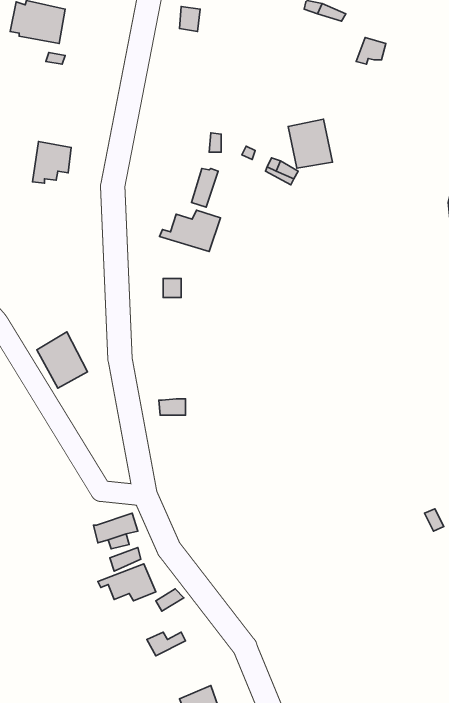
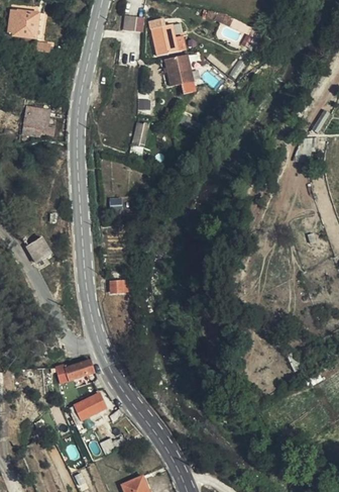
building: none -> [147,18,184,56]
building: [288,119,333,168] -> [162,55,193,88]
building: [160,210,220,252] -> none

